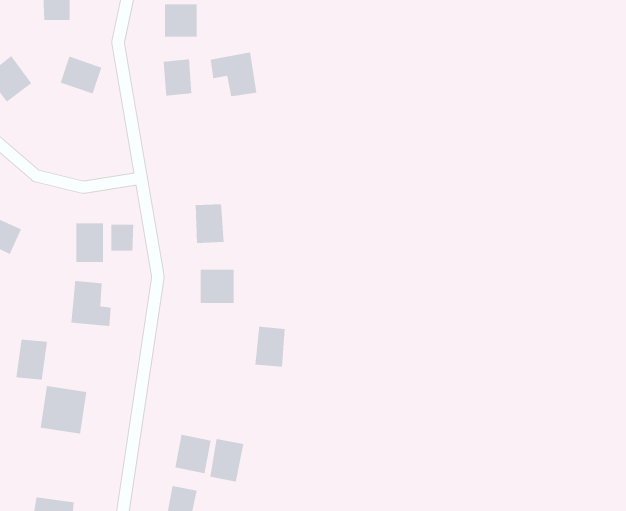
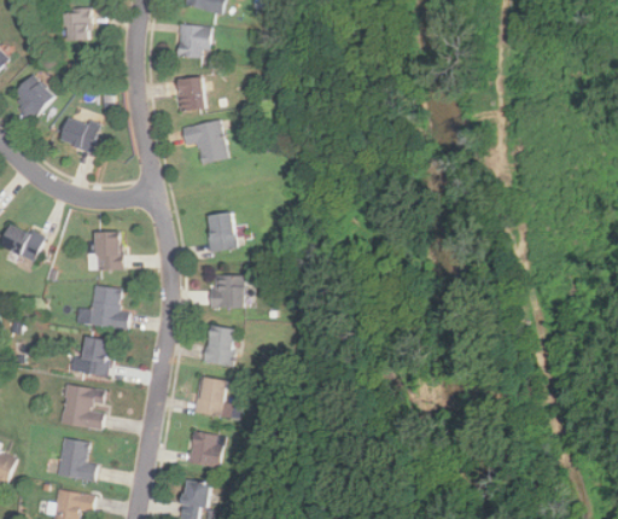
building: [210,52,257,97] -> [182,121,227,163]
building: [60,56,102,94] -> [59,116,99,152]
building: [111,224,134,252] -> none
building: [255,326,285,367] -> [205,327,234,366]
building: [16,339,48,380] -> [81,338,111,377]
building: [209,439,244,482] -> [196,377,228,418]
building: none -> [59,438,97,480]

